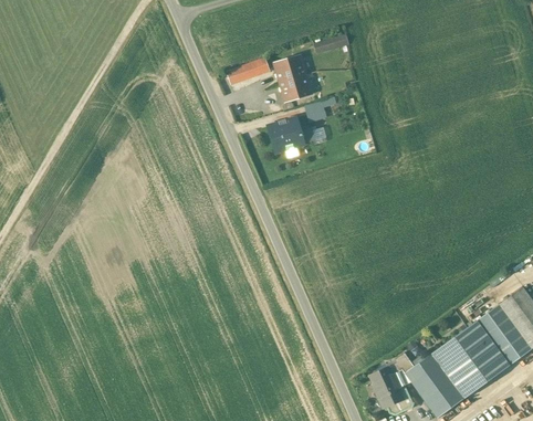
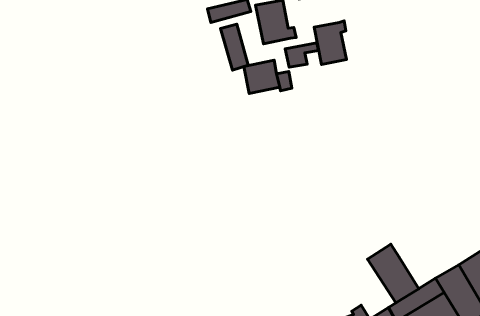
building: none -> [314,21,346,64]
building: none -> [221,24,248,70]
building: none -> [368,244,419,303]

